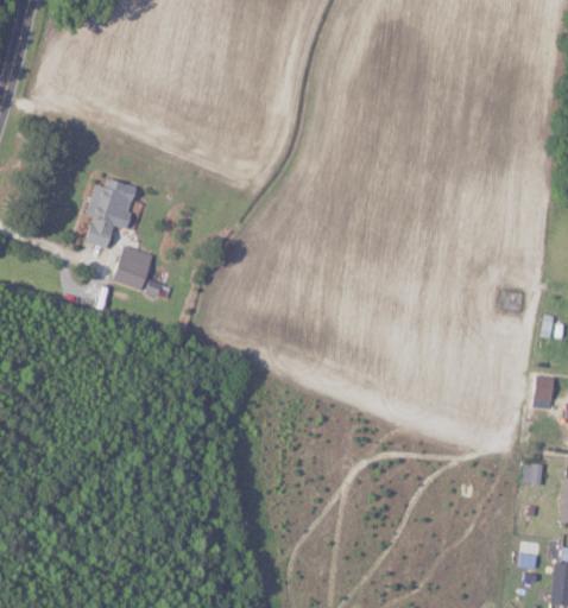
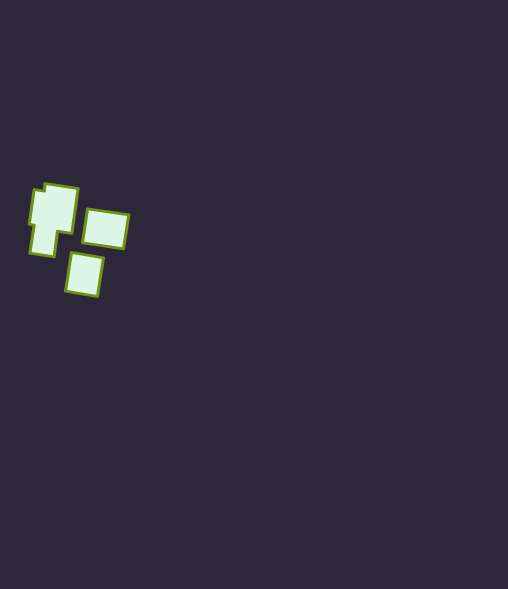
building: none -> [82,209,129,249]

